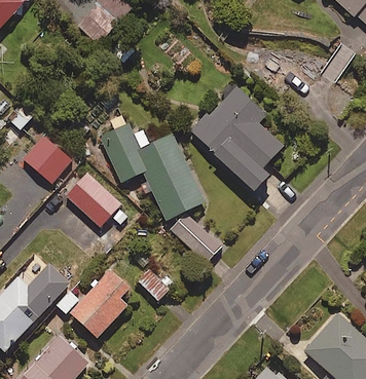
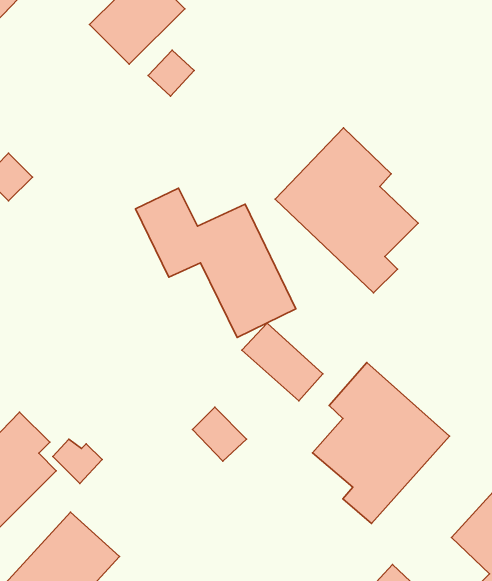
building: [24,136,72,183] -> none
building: [66,172,121,227] -> none
building: none -> [313,363,449,524]
building: [70,269,130,337] -> none

